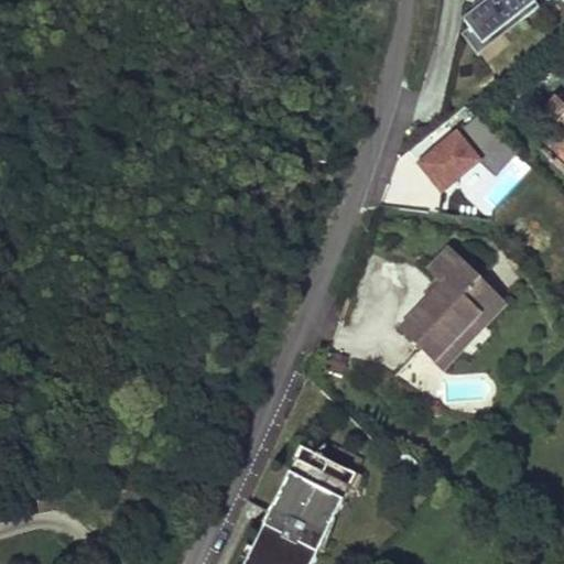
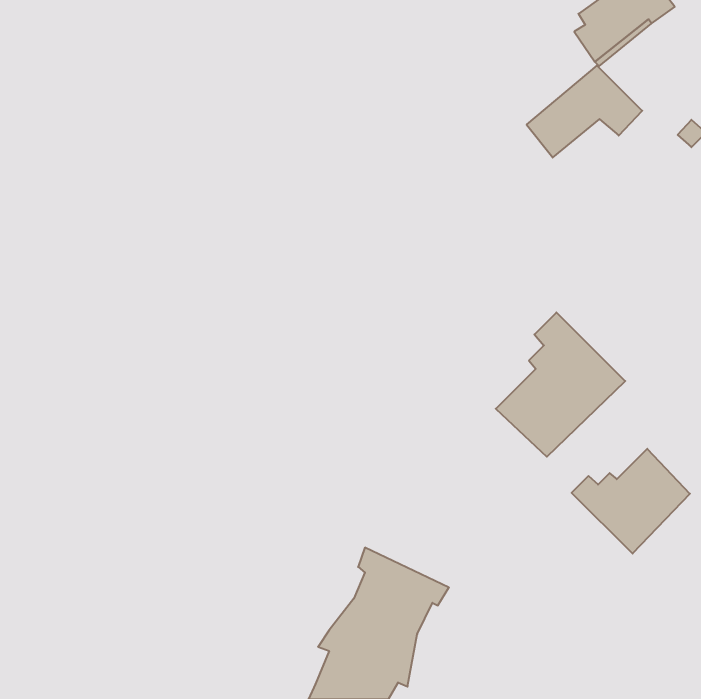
building: [421,117,513,191] -> [527,65,642,158]
building: none -> [572,449,690,554]

